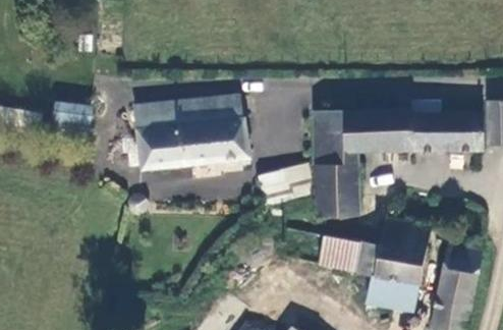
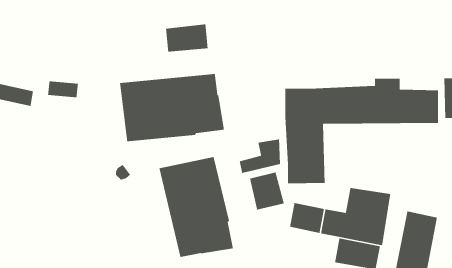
building: none -> [165,24,209,52]
building: none -> [159,156,234,258]
building: none -> [249,172,285,211]

